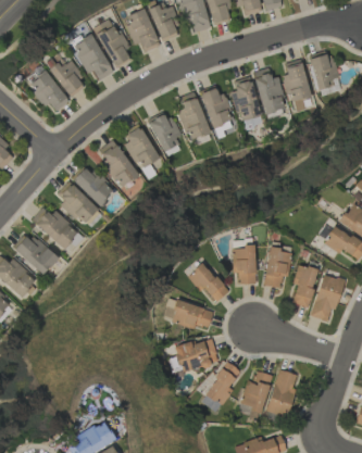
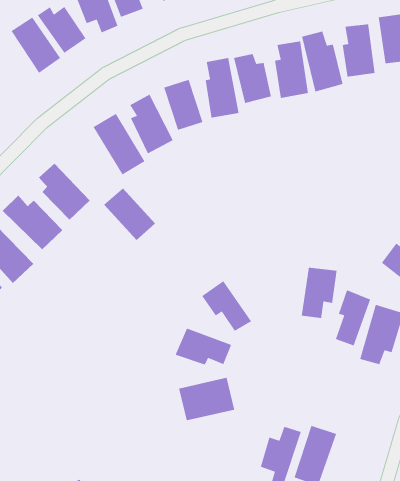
building: [72,165,113,205] -> [103,187,156,241]
building: [232,247,255,285] -> none
building: [203,362,240,405] -> none

